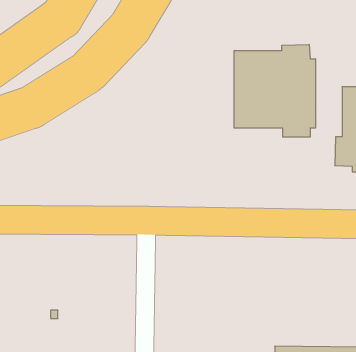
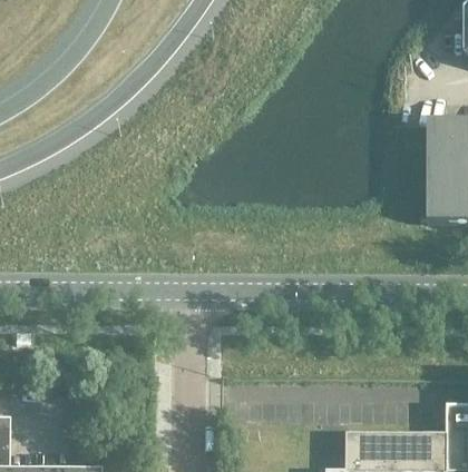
building: [234,44,315,137] -> none

